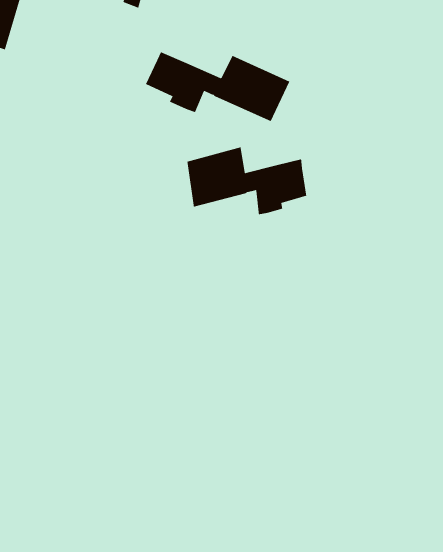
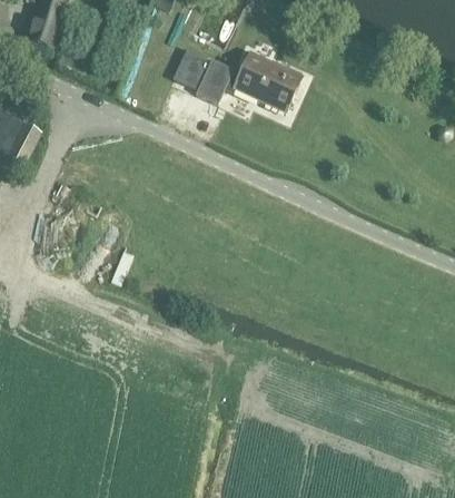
building: [187,146,307,215] -> none

